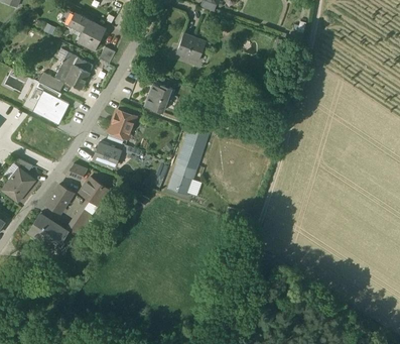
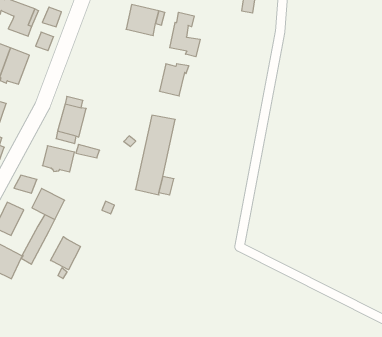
building: none -> [170,12,200,57]
building: [145,83,172,111] -> [159,64,189,96]
building: none -> [51,237,80,270]

